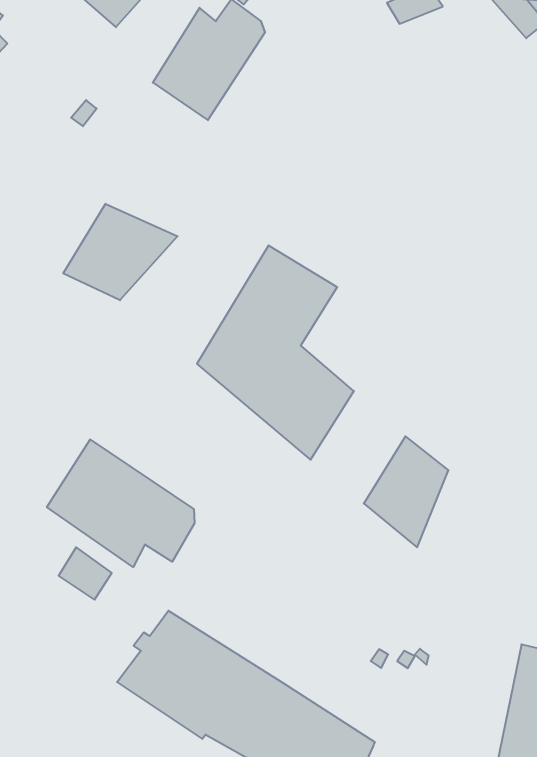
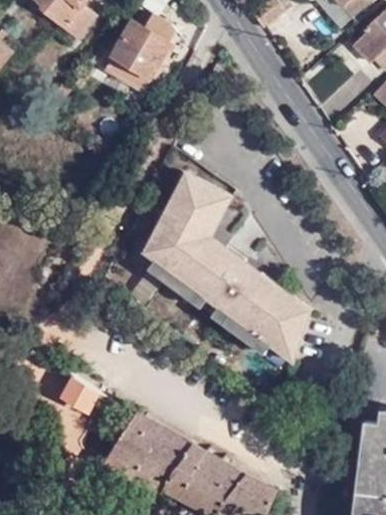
building: [63,204,178,300] -> none
building: none -> [220,263,280,335]
building: [47,439,195,567] -> none

